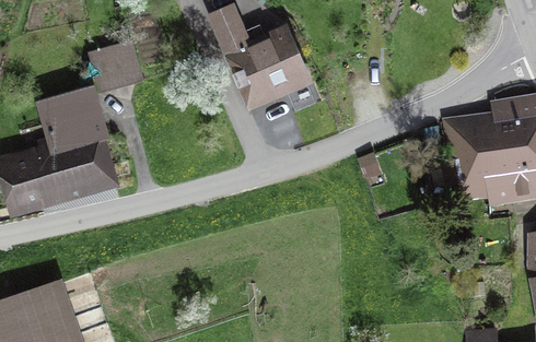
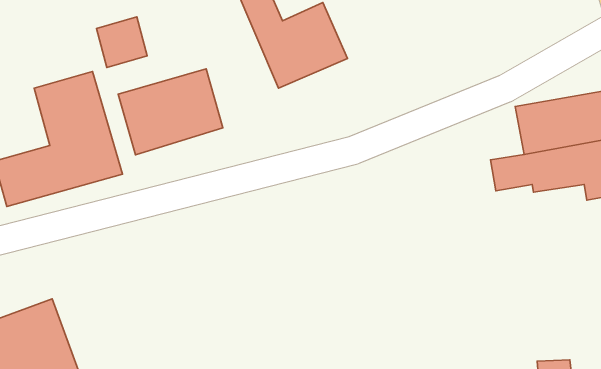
building: none -> [118,69,223,155]

